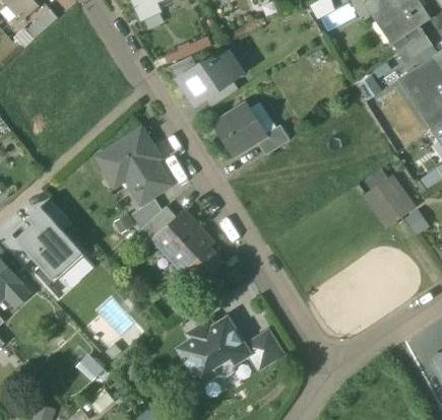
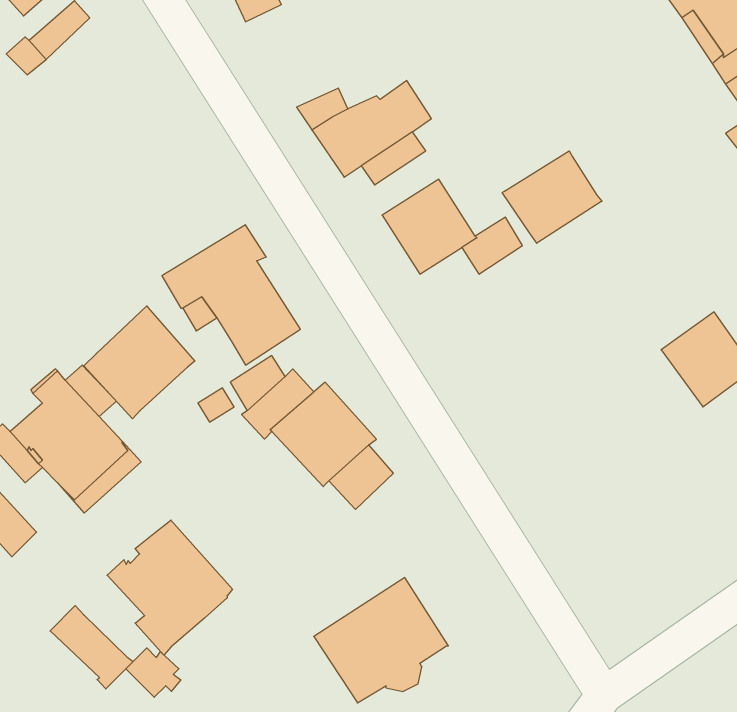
building: none -> [502,151,602,243]
building: none -> [84,306,195,419]
building: none -> [107,520,233,655]
building: [244,330,282,369] -> none
building: none -> [50,606,133,689]

